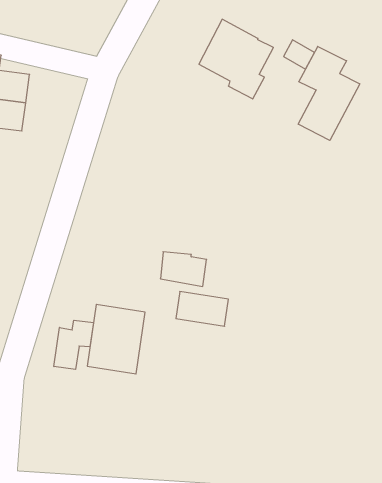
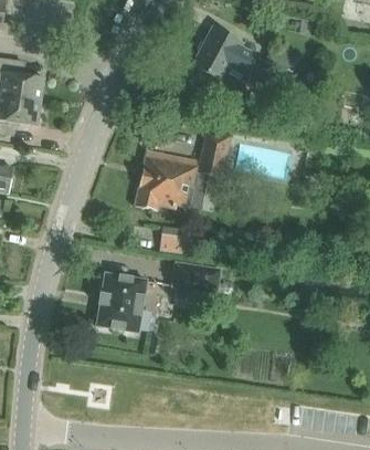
building: [298,46,360,140] -> none
building: none -> [134,129,232,209]
building: [54,320,94,369] -> none

